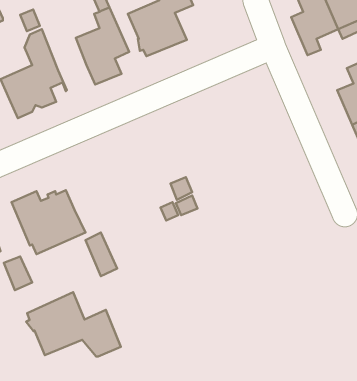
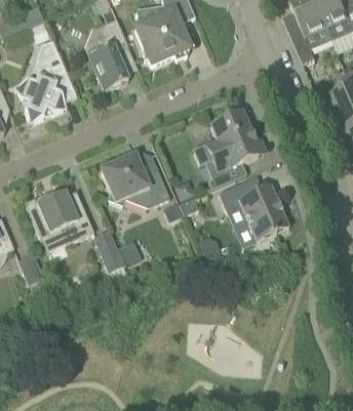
building: none -> [194,110,259,188]
building: none -> [101,154,169,204]
building: none -> [218,177,288,246]
building: [26,292,121,357] -> none

